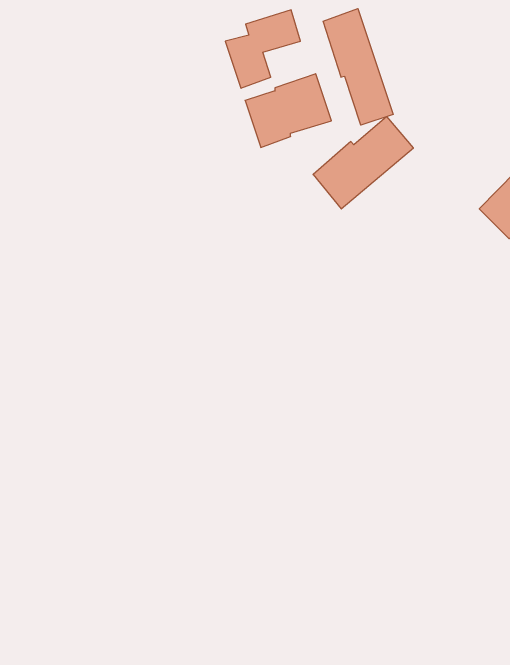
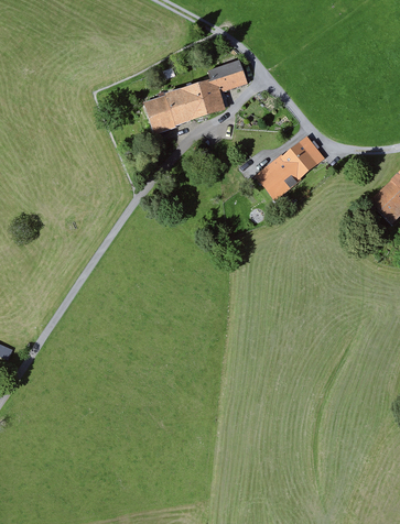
building: [323,9,393,125] -> none
building: [245,74,331,147] -> [142,83,203,134]

